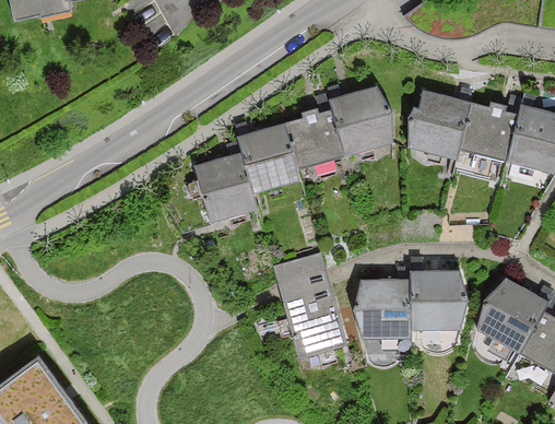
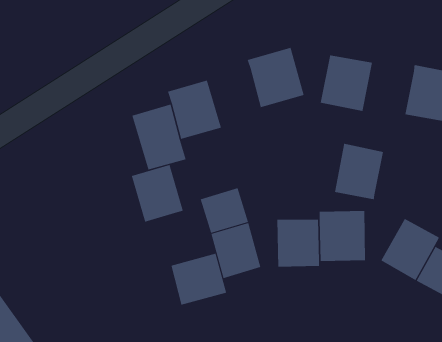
building: [459,104,516,168] -> [334,143,384,200]
building: [282,110,342,168] -> none
building: none -> [131,164,184,222]
building: none -> [171,253,227,306]

